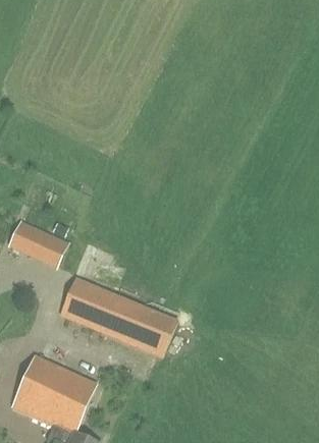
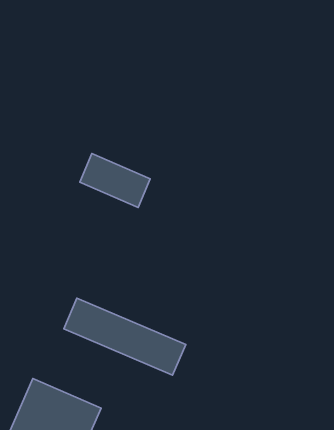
building: [8,218,73,268] -> [80,154,150,207]

